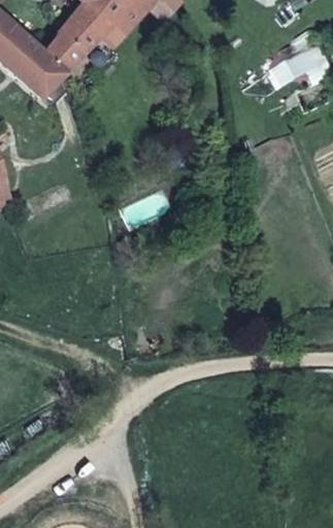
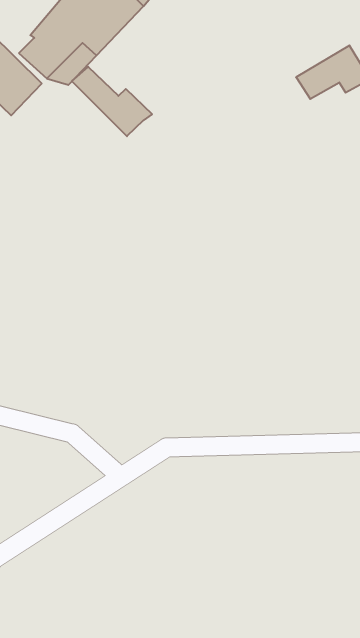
building: none -> [72,67,152,136]

